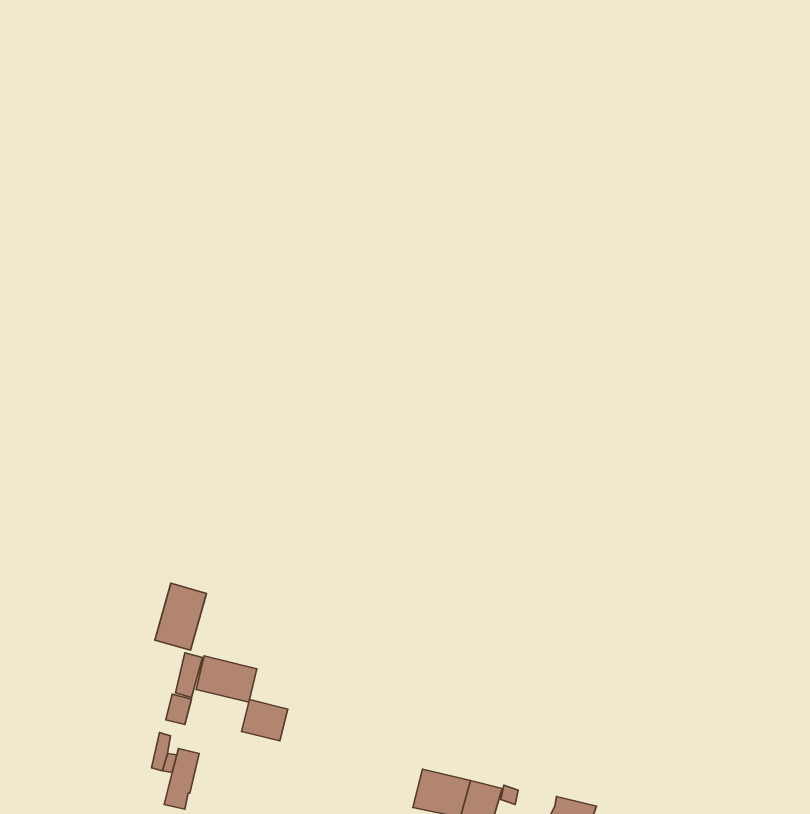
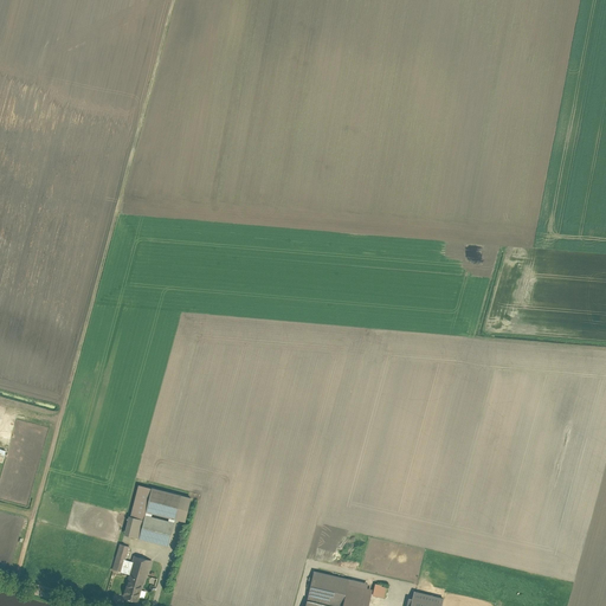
building: [155,583,206,650] -> none
building: [241,699,288,741] -> [138,515,173,546]

